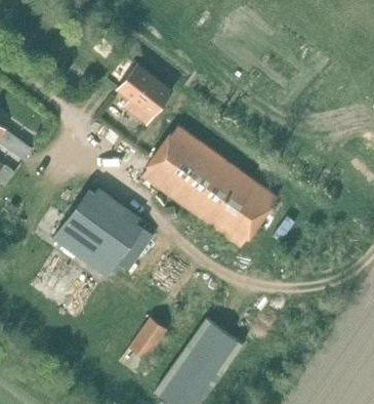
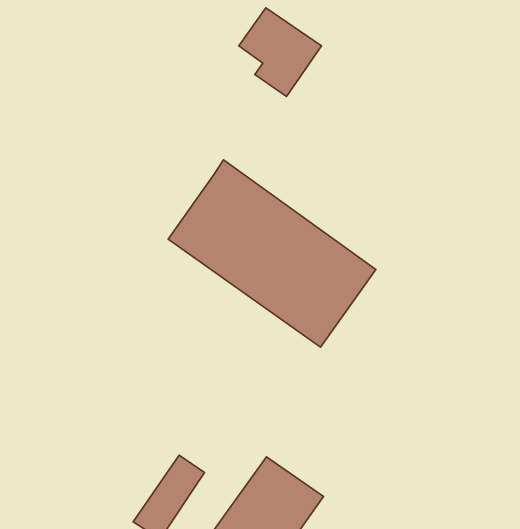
building: [118,68,171,125] -> [239,8,322,97]
building: [53,190,155,279] -> none

